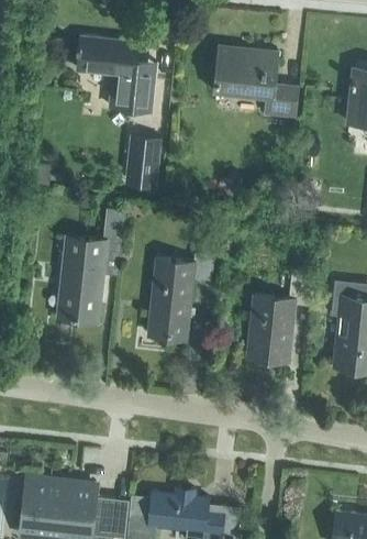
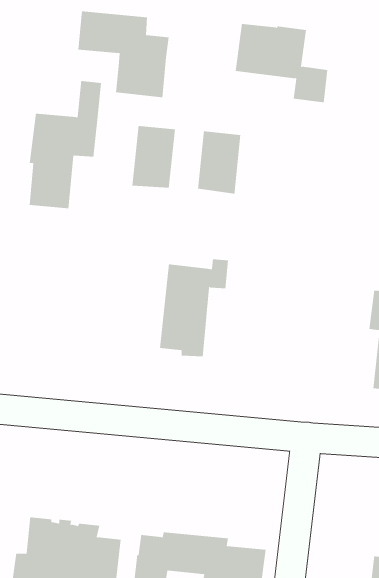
building: none -> [197,131,241,194]
building: [62,209,125,321] -> [29,80,102,209]
building: [247,274,314,362] -> none

